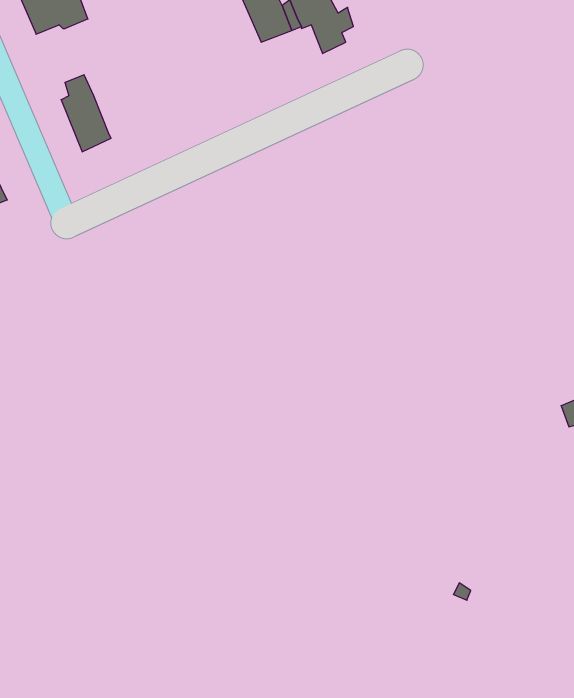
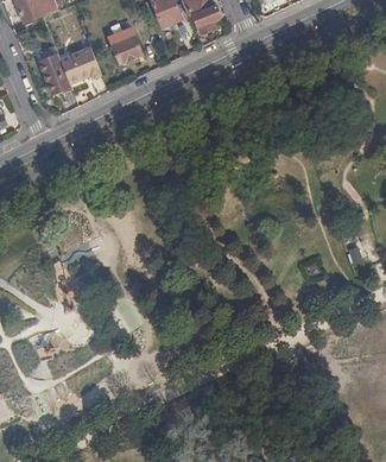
building: none -> [108,27,143,64]
building: none -> [59,46,101,83]

